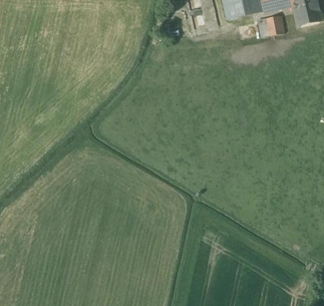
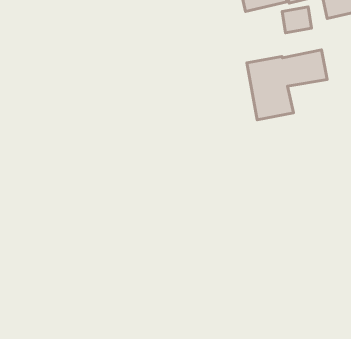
building: none -> [247,50,327,120]

